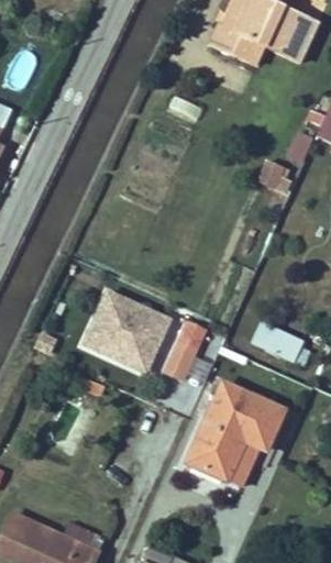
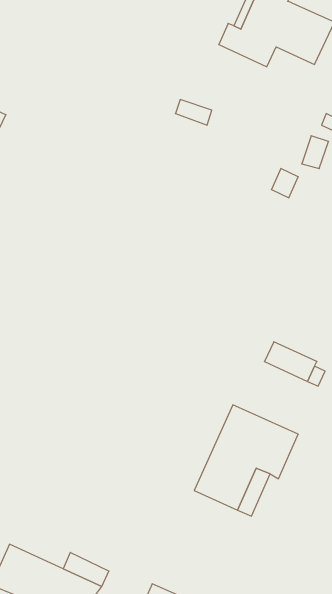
building: [82,290,168,371] -> none
building: [166,318,206,378] -> none

